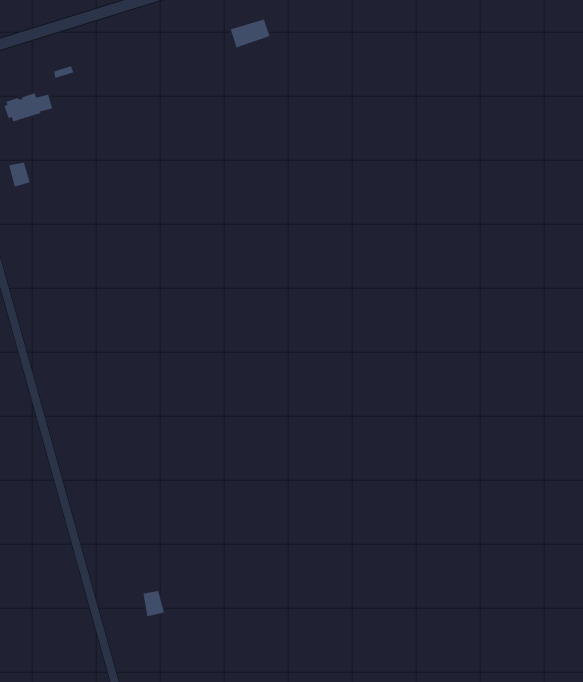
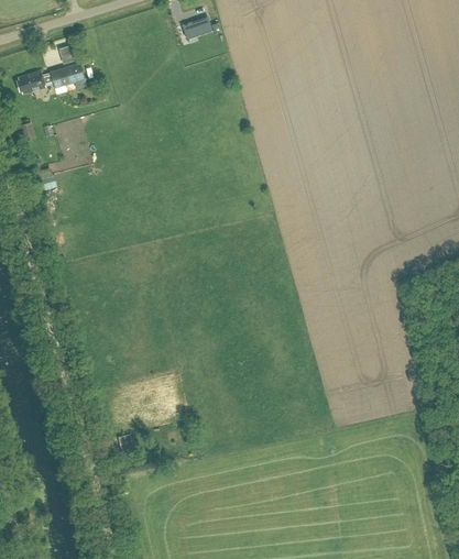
building: none -> [50,62,85,87]

